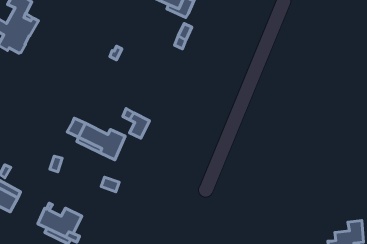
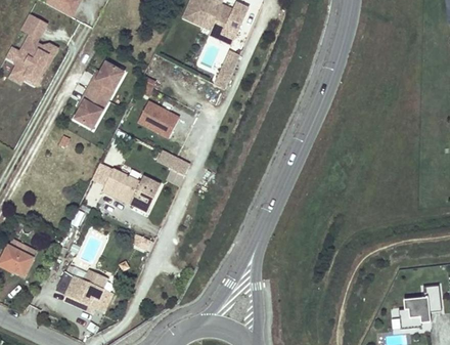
building: none -> [75,61,124,128]
building: none -> [138,100,180,137]

